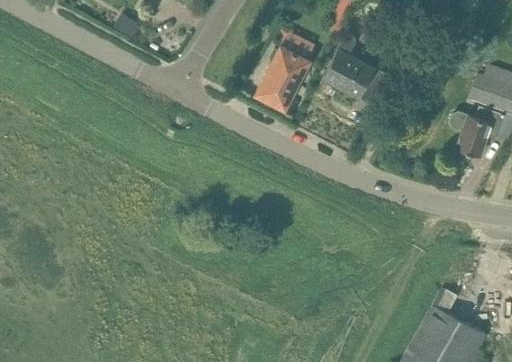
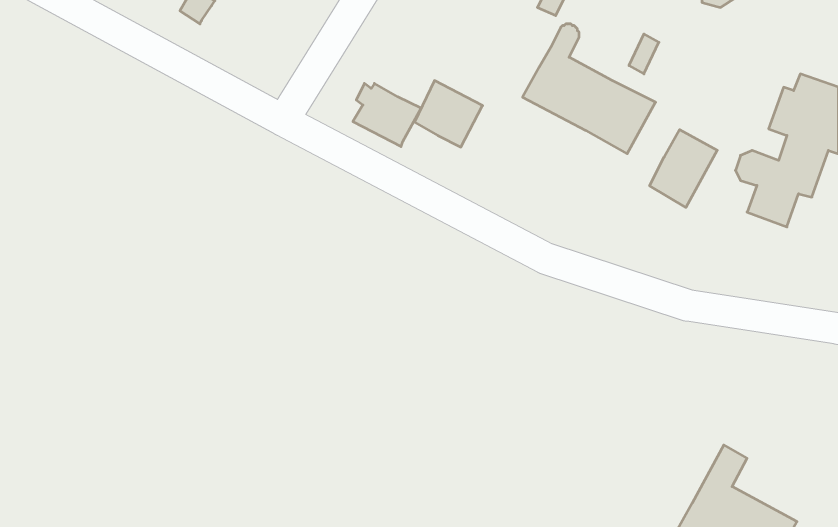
building: [268,46,309,84] -> [353,83,421,147]
building: none -> [650,130,717,207]

